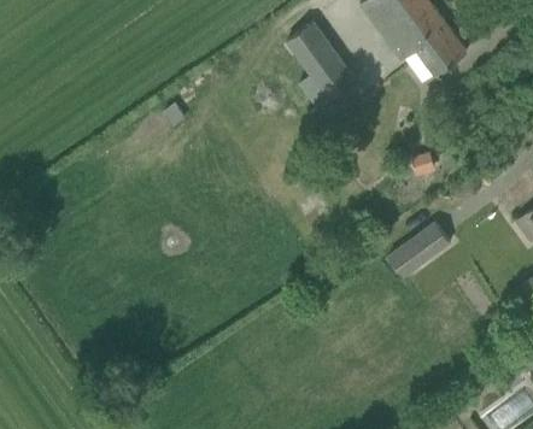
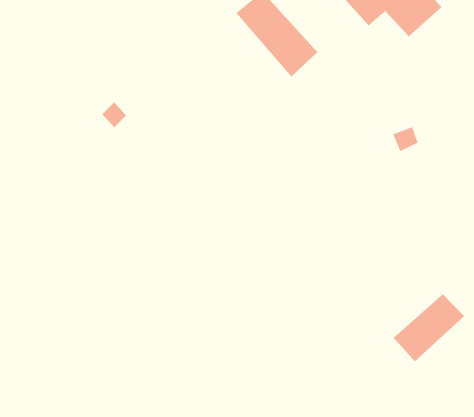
building: [387,222,451,278] -> [393,293,465,362]

